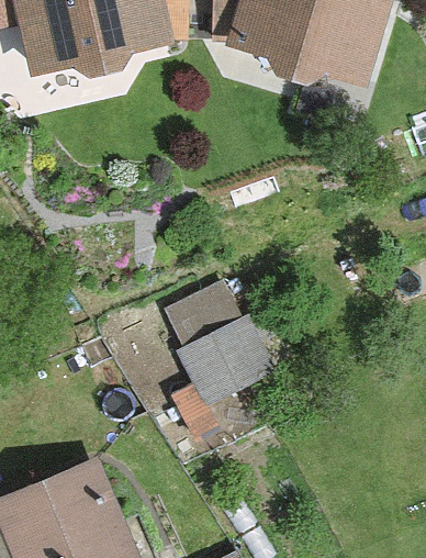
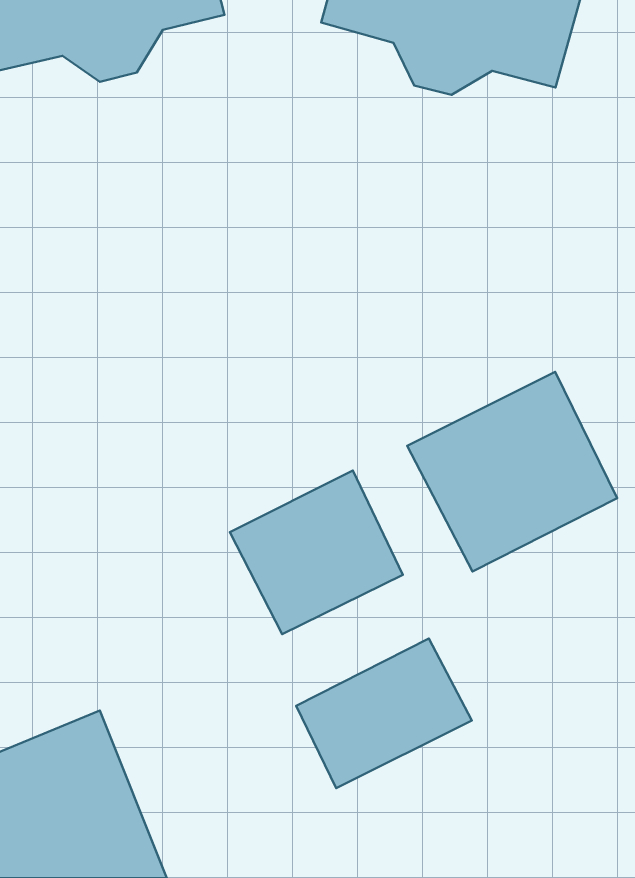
building: none -> [407,372,617,572]
building: none -> [296,639,472,788]

